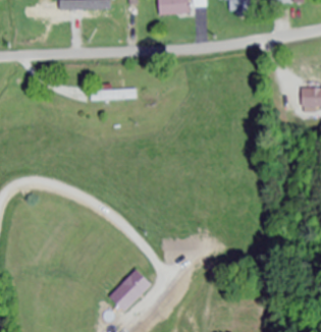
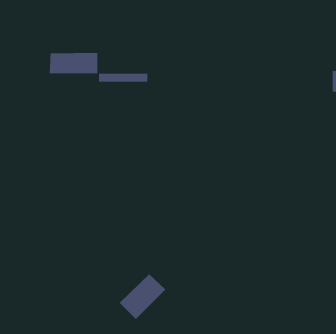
building: none -> [49,52,98,74]

